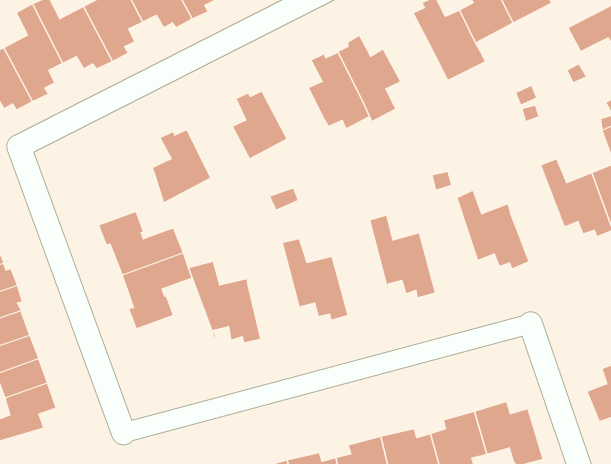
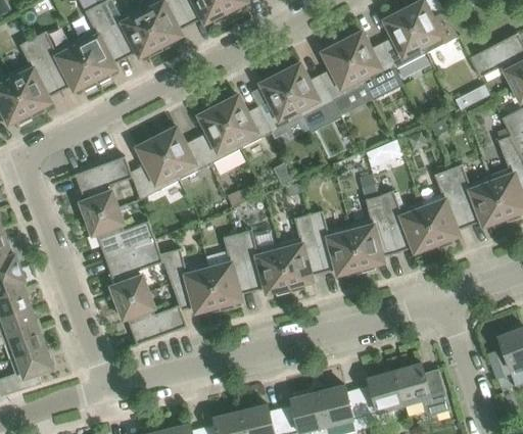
building: none -> [319,42,371,115]
building: none -> [218,95,271,148]
building: none -> [156,127,209,180]
building: none -> [74,156,132,219]
building: none -> [423,170,469,248]
building: none -> [348,196,397,274]
building: none -> [277,214,323,292]
building: none -> [208,233,251,311]
building: none -> [116,292,186,344]

